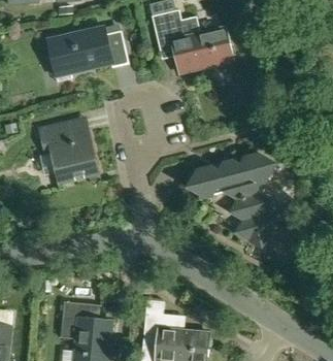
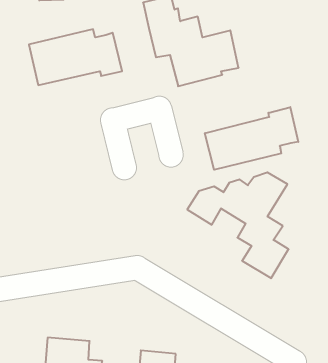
building: none -> [205,107,298,170]
building: [41,118,100,182] -> none

